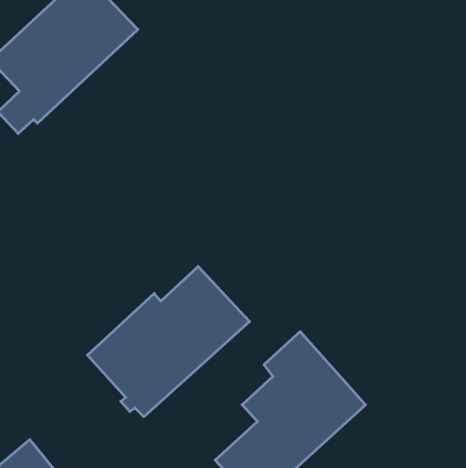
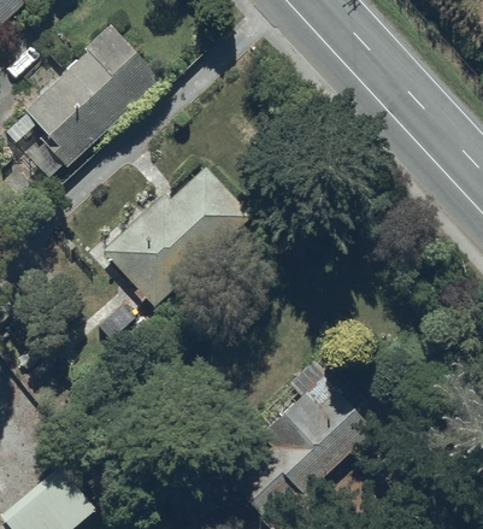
building: [87,266,250,417] -> [102,165,254,306]

